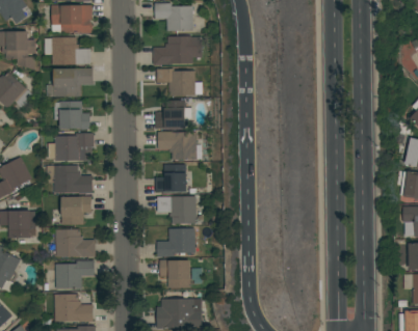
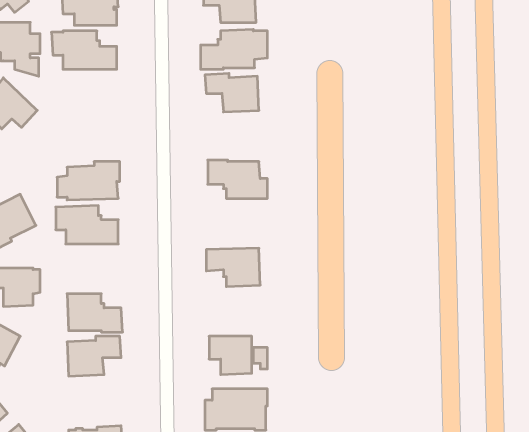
building: [54,68,94,98] -> none
building: [155,101,192,130] -> none
building: [54,102,90,130] -> none
building: [155,165,186,192] -> none
building: [61,196,92,225] -> none
building: [157,228,195,257] -> none
building: [54,294,93,323] -> none

